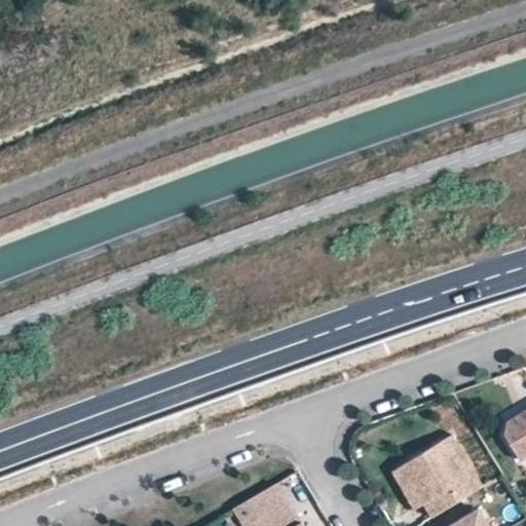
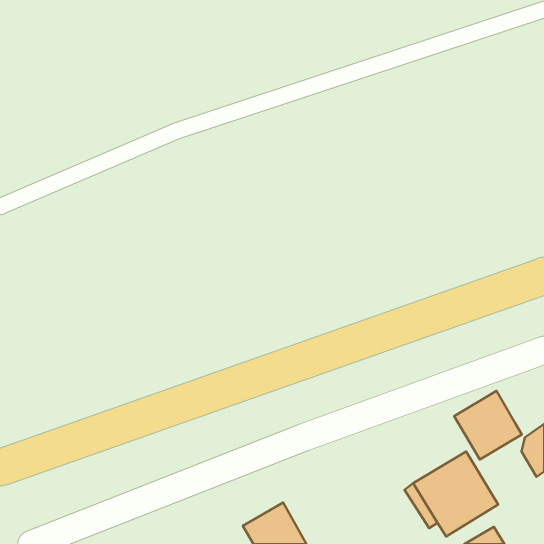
building: none -> [454,391,522,459]

